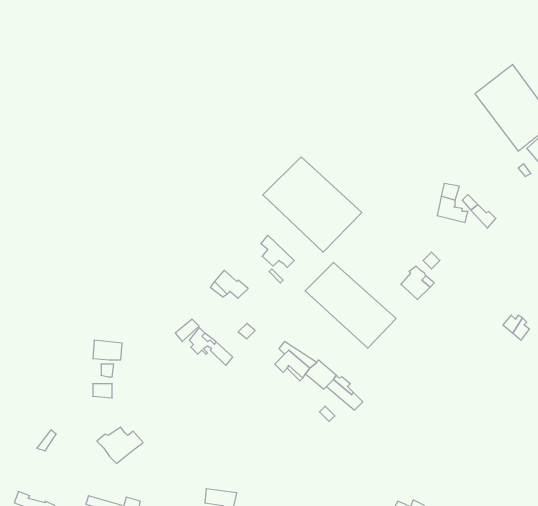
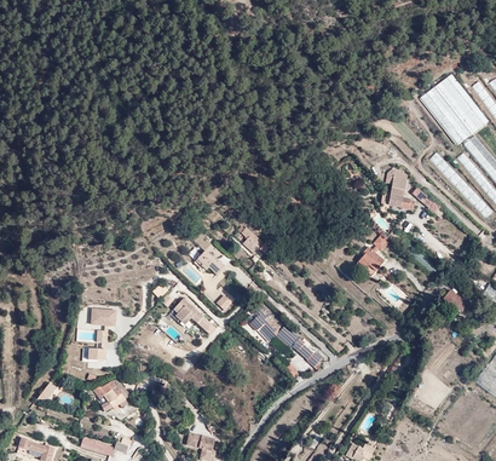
building: [263,157,362,252] -> none
building: [305,262,396,348] -> none

